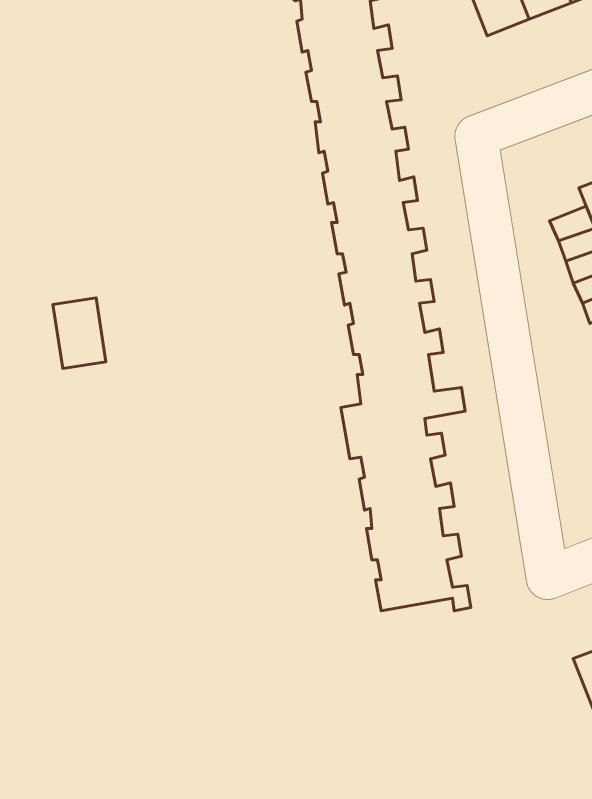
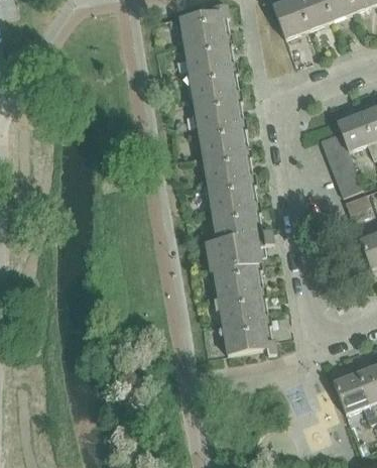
building: [53,298,106,368] -> none

